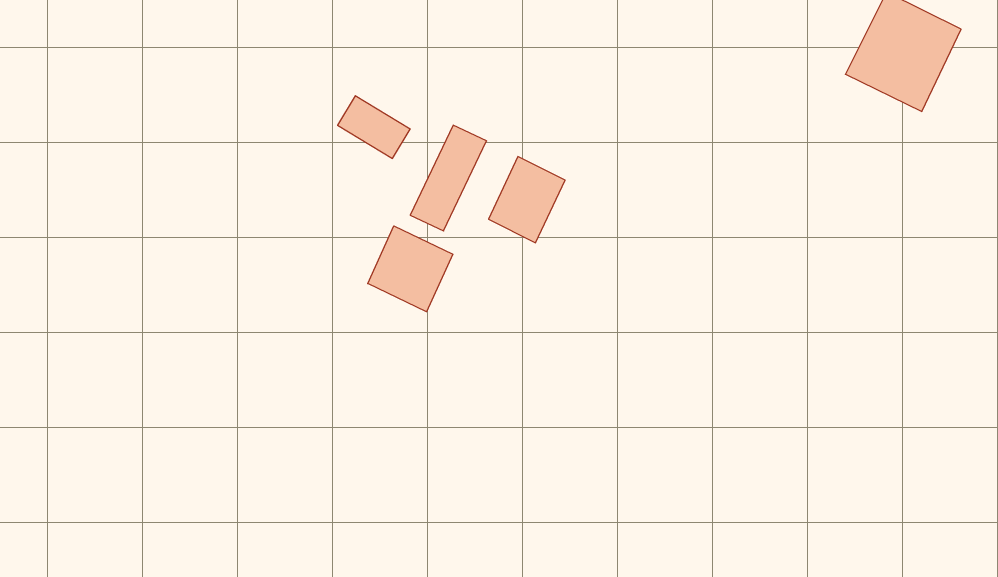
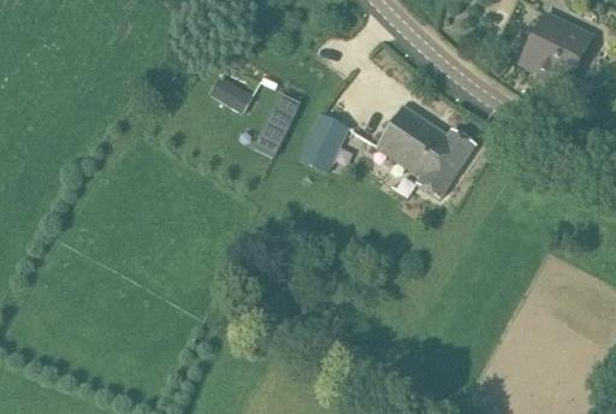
building: none -> [377,106,474,196]
building: [368,226,453,312] -> none

